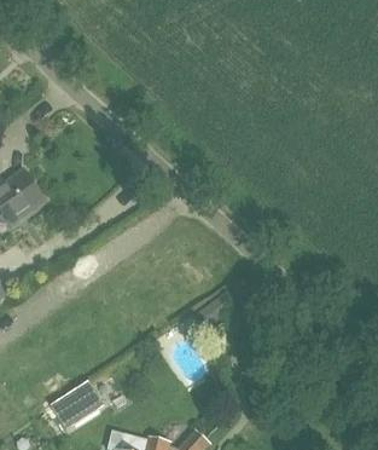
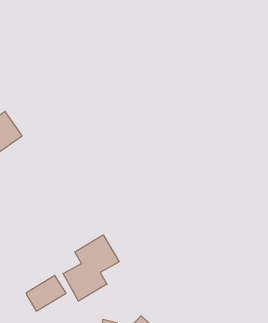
building: none -> [63,235,119,301]

